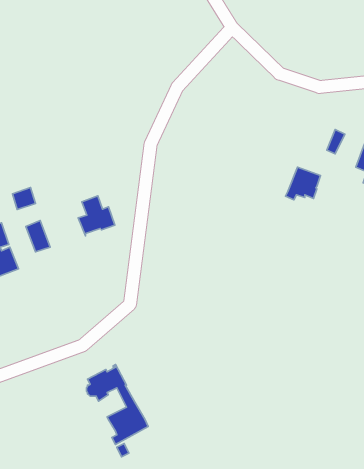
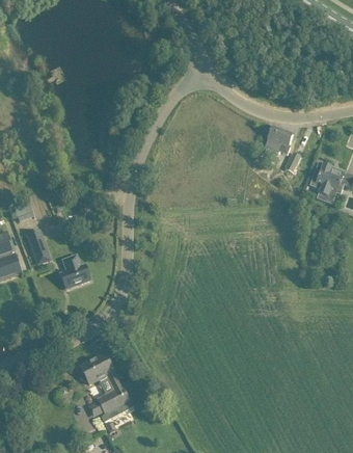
building: [285,167,321,200] -> [262,126,292,154]
building: [78,196,115,236] -> [59,254,90,288]

